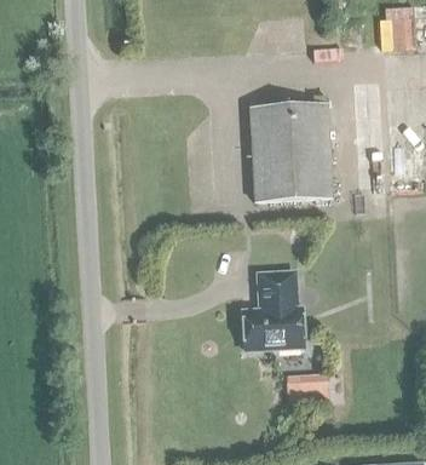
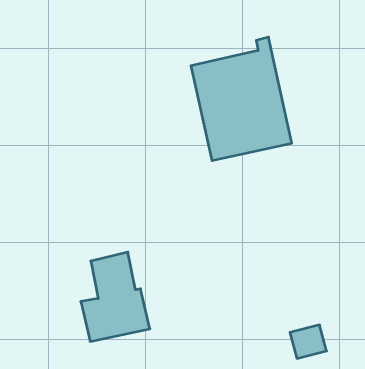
building: [242,272,303,350] -> [81,252,150,341]

